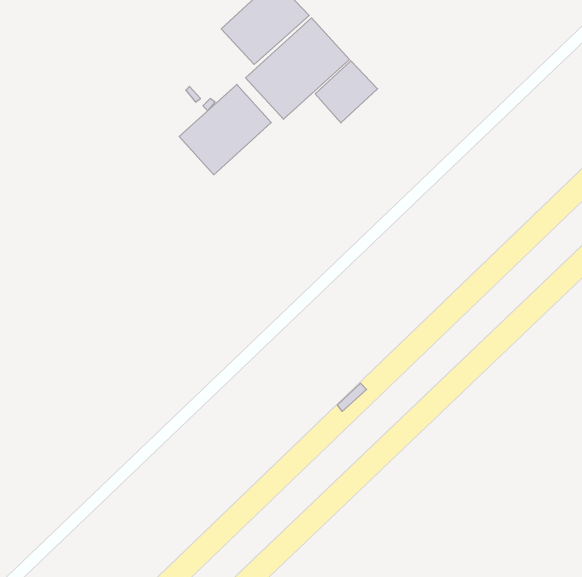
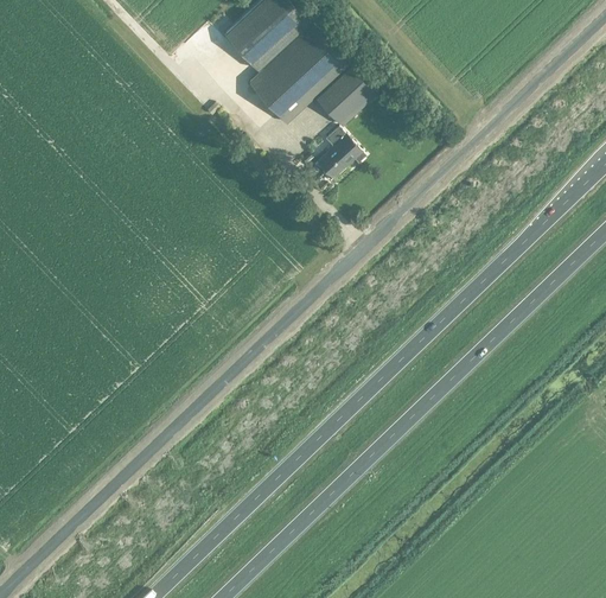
building: [179,84,271,175] -> none
building: none -> [315,127,362,178]

